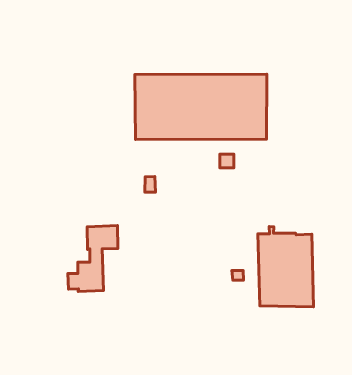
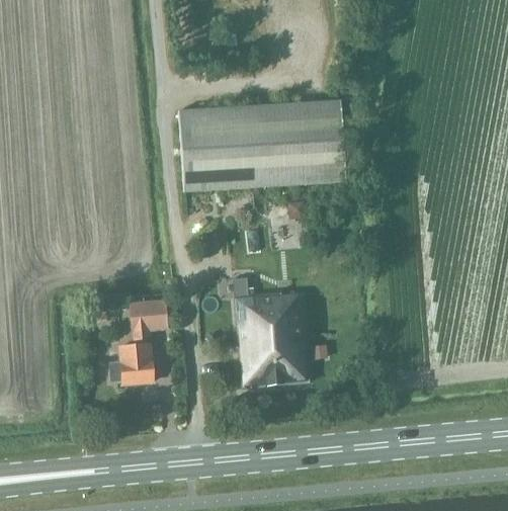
building: [258,226,313,307] -> [234,287,309,387]

